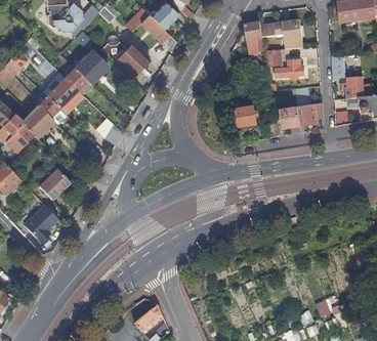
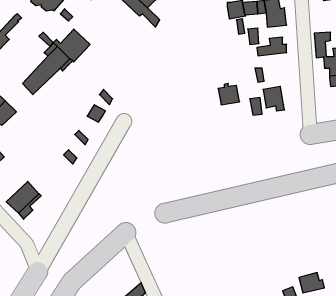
building: [116,44,149,77] -> none
building: [297,104,322,127] -> none
building: [22,105,53,137] -> none
building: [38,167,69,199] -> none

